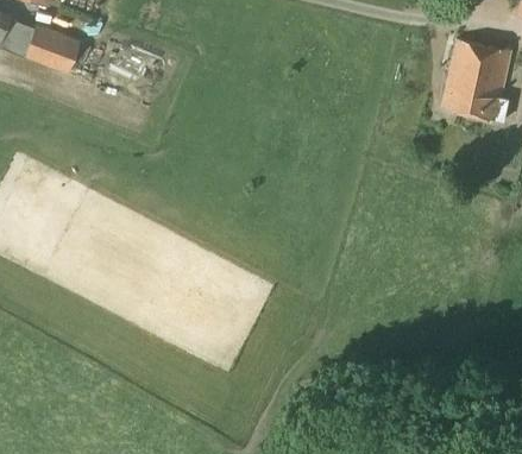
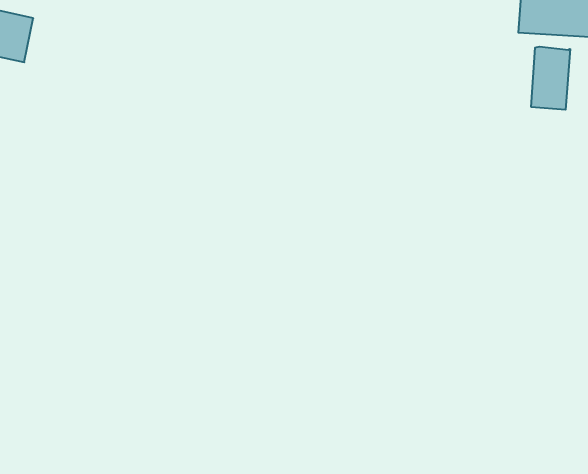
building: none -> [531,47,570,110]

